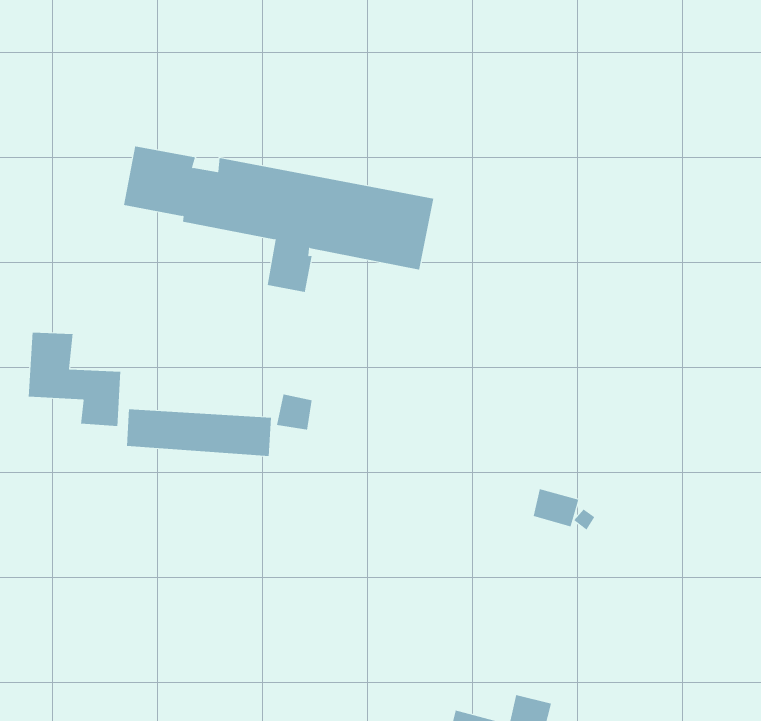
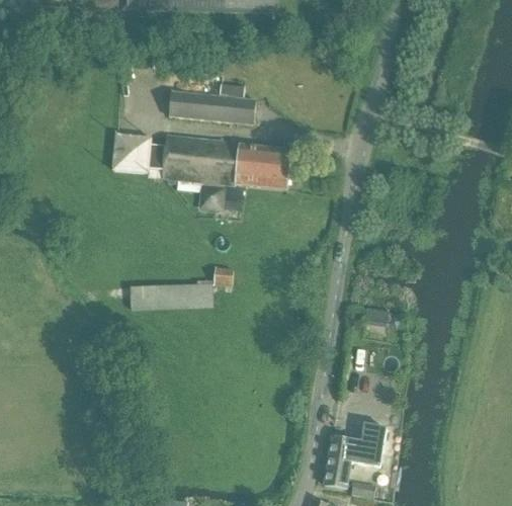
building: none -> [168,91,255,123]
building: [28,332,121,427] -> none

